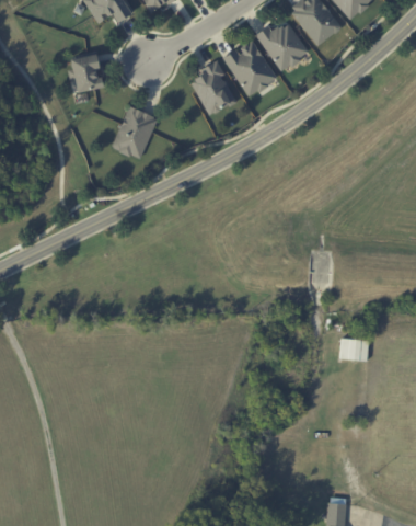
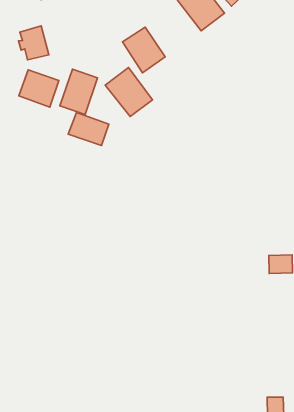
building: [223,39,277,96] -> [105,67,152,116]
building: none -> [19,70,59,107]
building: none -> [68,113,109,146]

